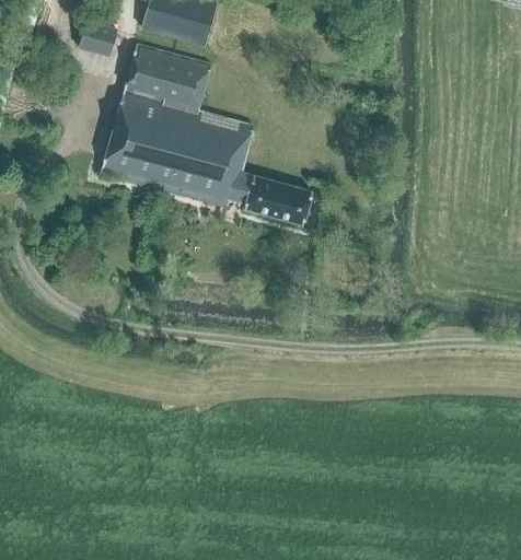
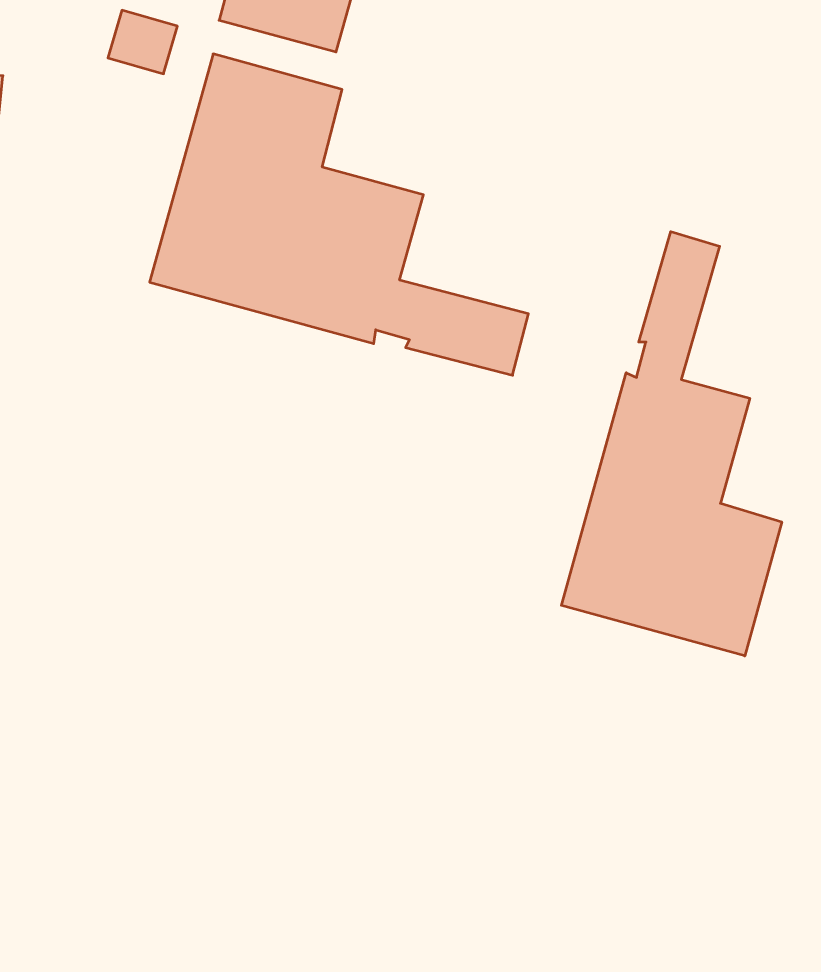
building: none -> [561,232,782,656]

